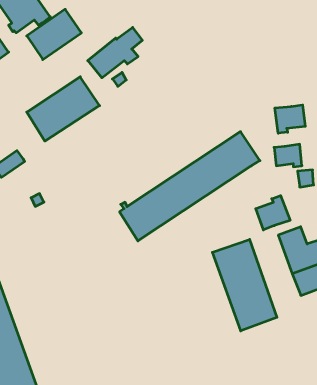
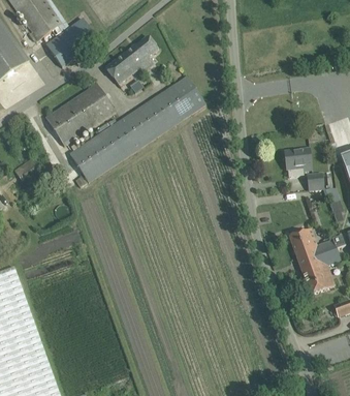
building: [275,105,305,133] -> none
building: [120,132,260,241] -> [70,77,205,182]
building: [256,196,290,230] -> none
building: [212,239,277,331] -> none

